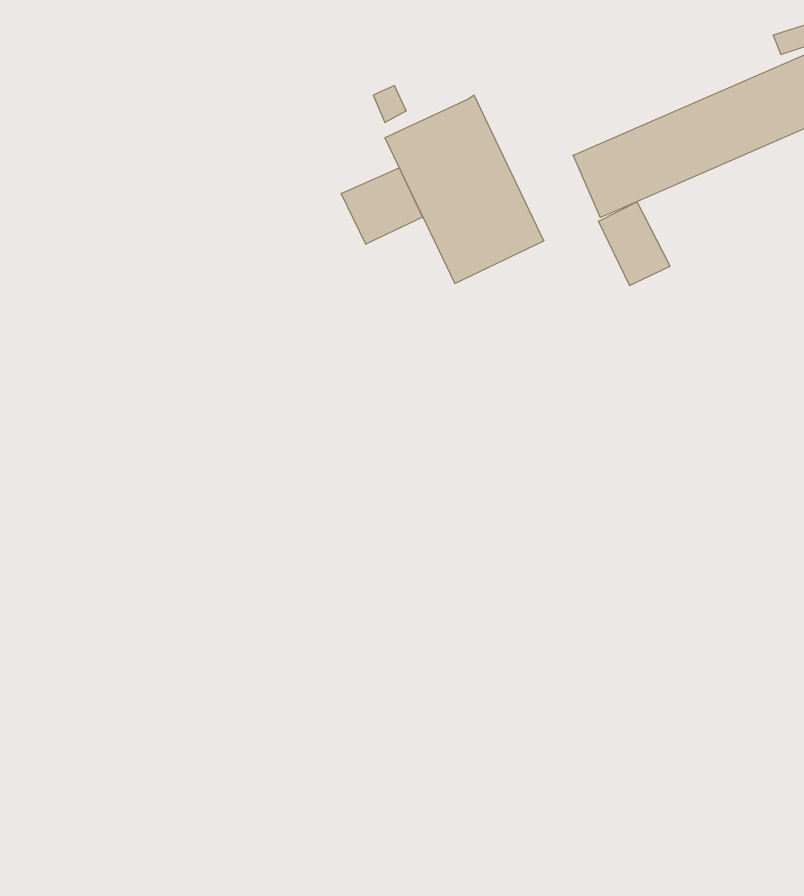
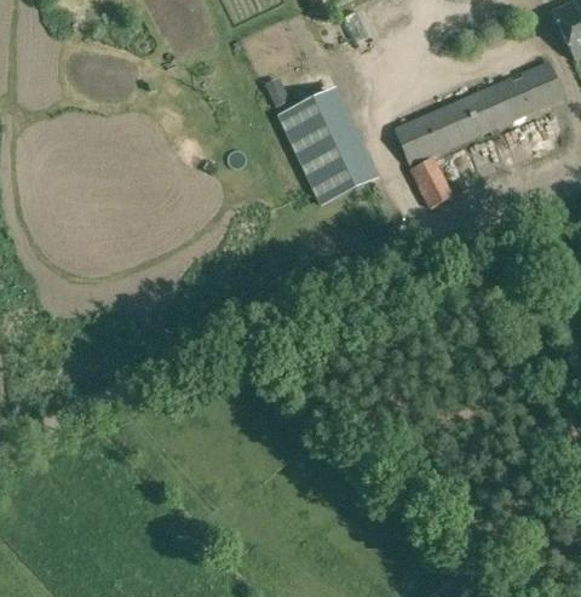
building: [341,168,422,244] -> none

